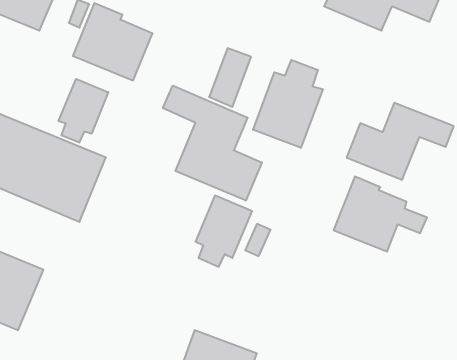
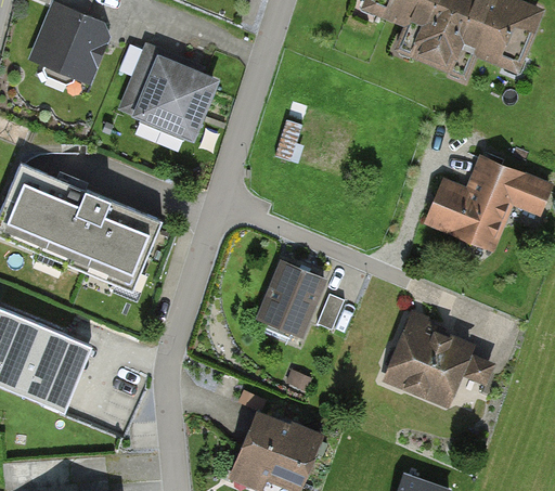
building: [253,60,323,148] -> none
building: [59,79,108,143] -> none
building: [163,86,262,201] -> none
building: [334,176,427,252] -> [386,319,490,402]

